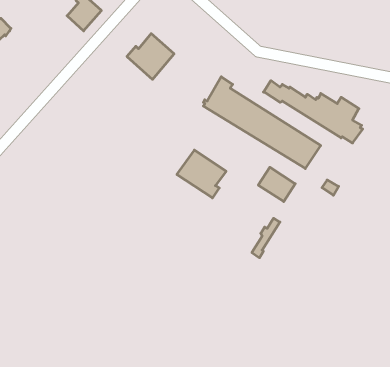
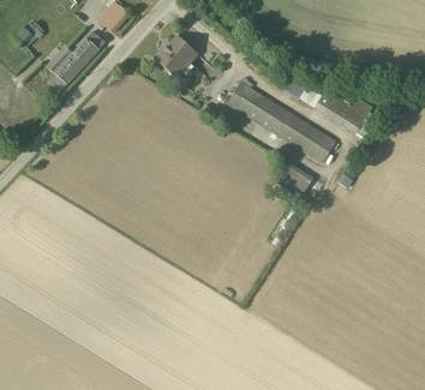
building: none -> [47,31,106,91]
building: [177,150,226,198] -> none

